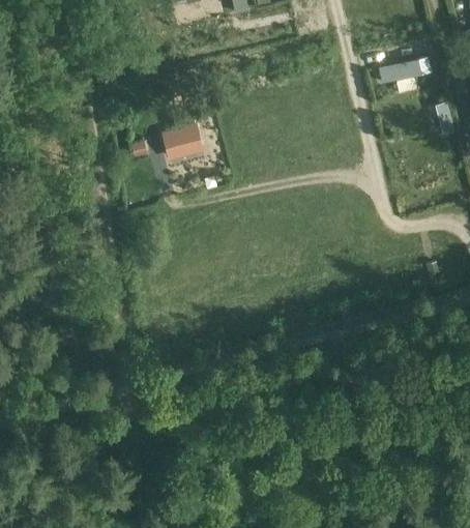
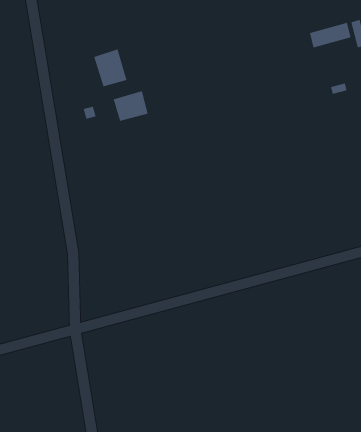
building: none -> [94,48,127,87]

